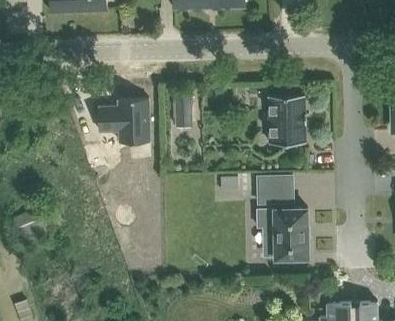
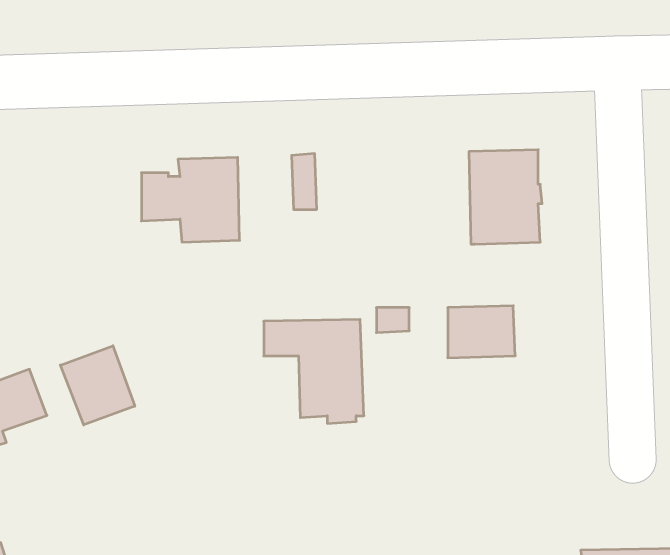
building: none -> [60,346,135,425]
building: [256,209,308,263] -> [264,319,364,423]

